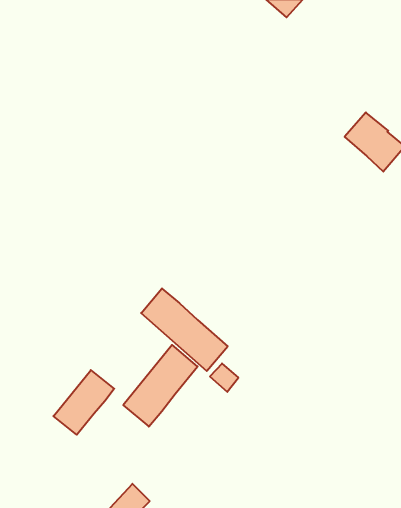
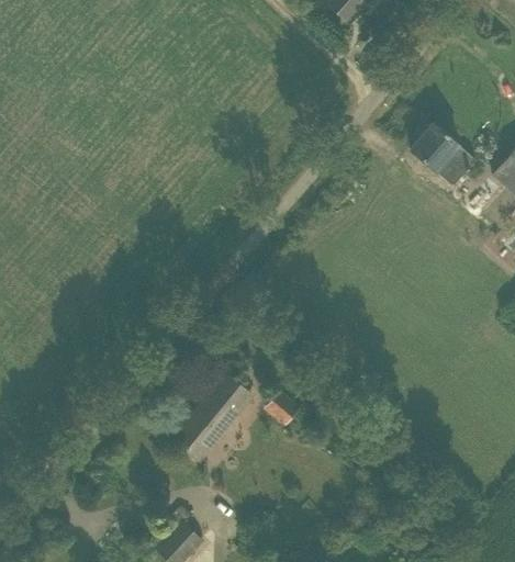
building: [141,288,228,371] -> none
building: [53,370,114,435] -> none

